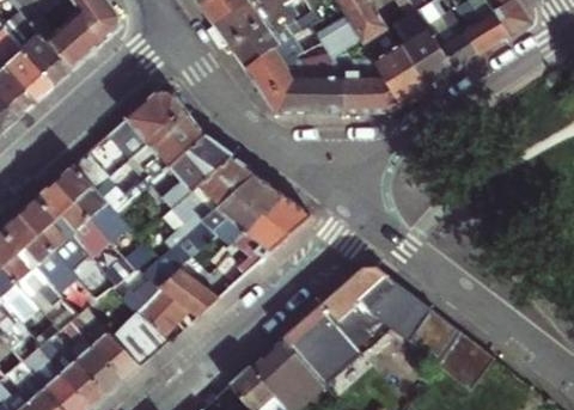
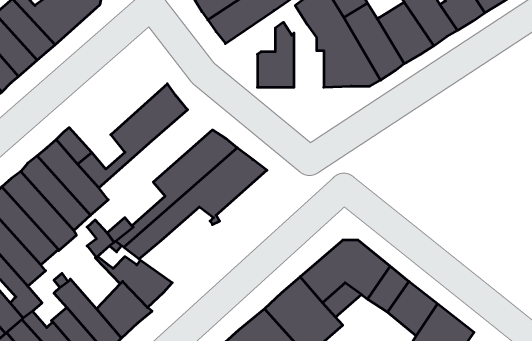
building: [243,35,301,112] -> none
building: [312,49,342,112] -> none
building: [104,91,184,160] -> none
building: [152,135,230,215] -> none
building: [214,196,310,288] -> none
building: [155,267,218,316] -> none

